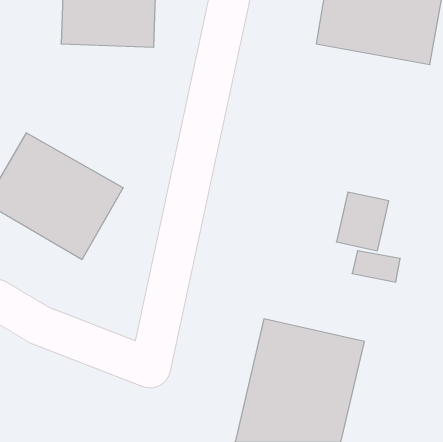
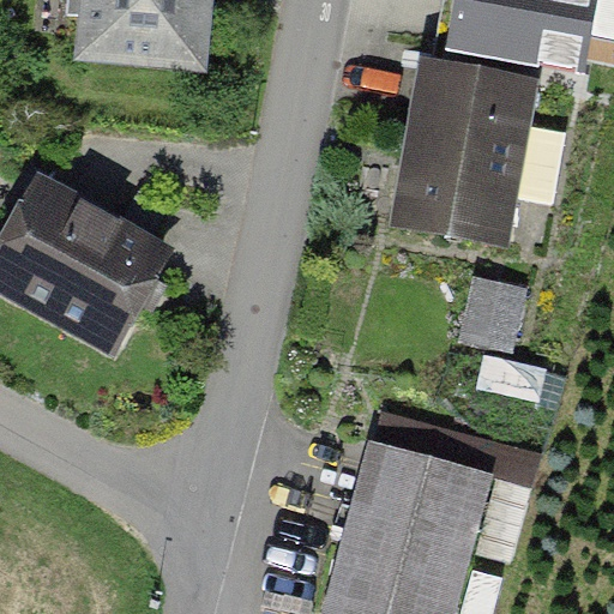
building: none -> [390,60,535,248]

